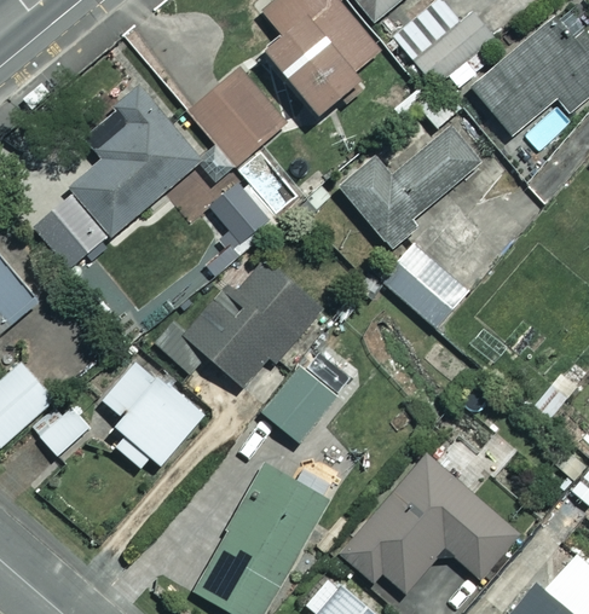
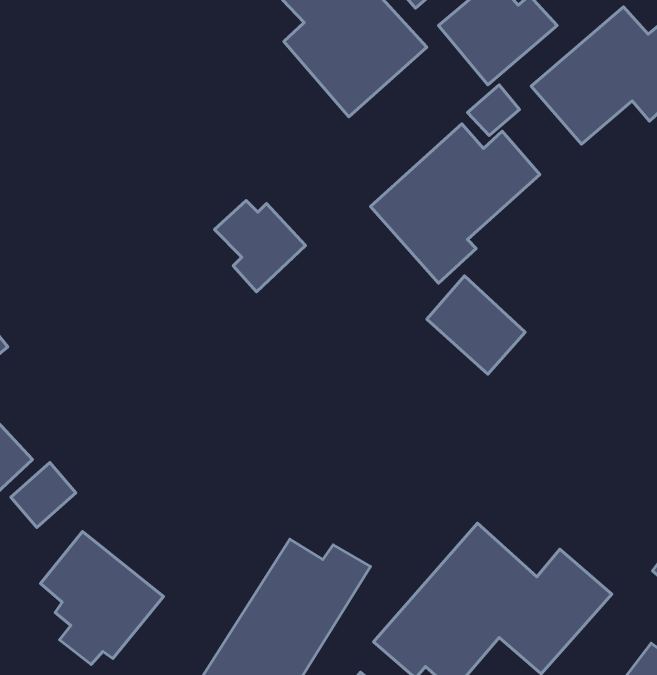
building: [186,66,285,166] -> none
building: [31,86,201,273] -> none
building: [167,251,324,386] -> none
building: [100,357,203,468] -> [41,531,163,664]
building: [260,364,339,444] -> none

